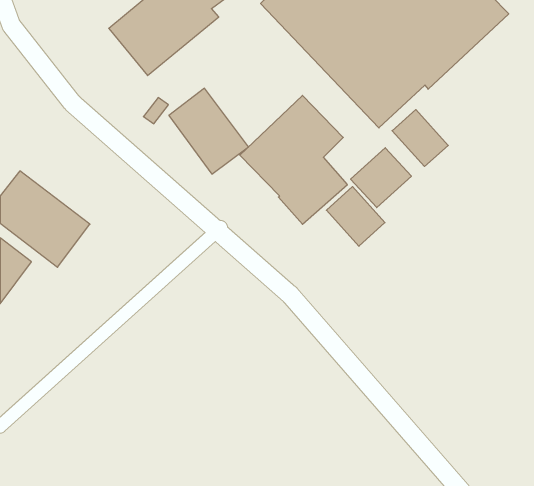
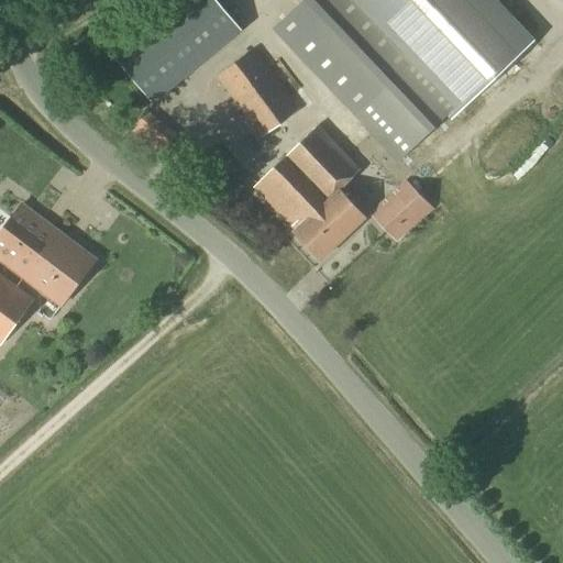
building: [169,88,248,174] -> [216,47,299,137]
building: [392,110,448,166] -> none
building: [326,187,385,246] -> none

